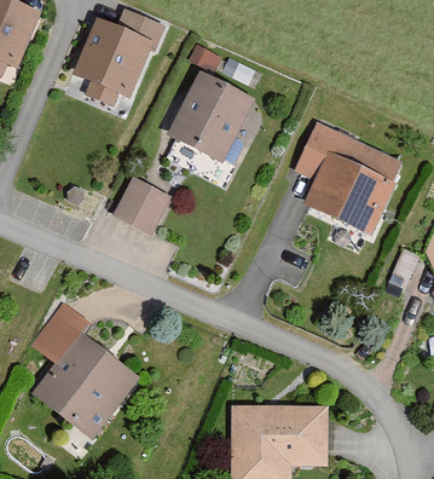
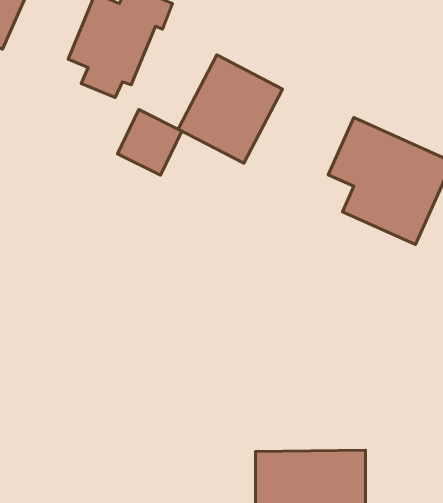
building: [114,177,168,232] -> [118,110,182,175]
building: [34,305,144,443] -> none

